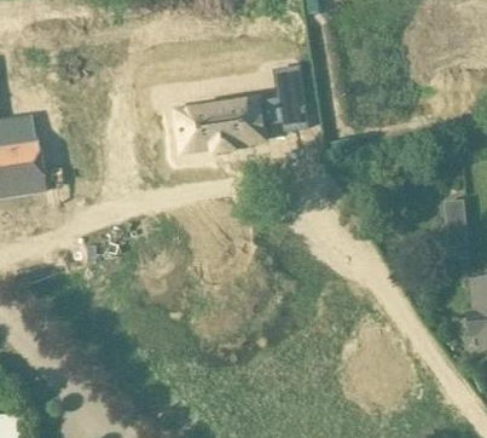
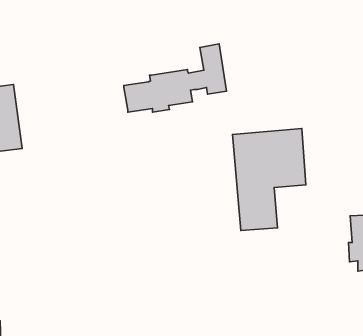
building: none -> [233,129,306,231]
building: [441,202,465,247] -> none

